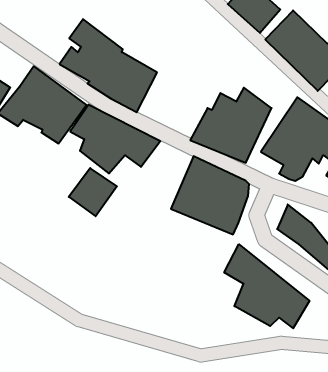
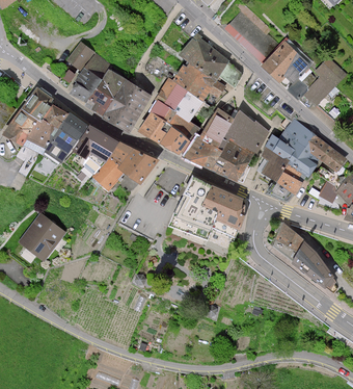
building: none -> [144,32,244,154]
building: [69,168,117,216] -> [18,213,64,260]
building: [224,244,309,328] -> none

